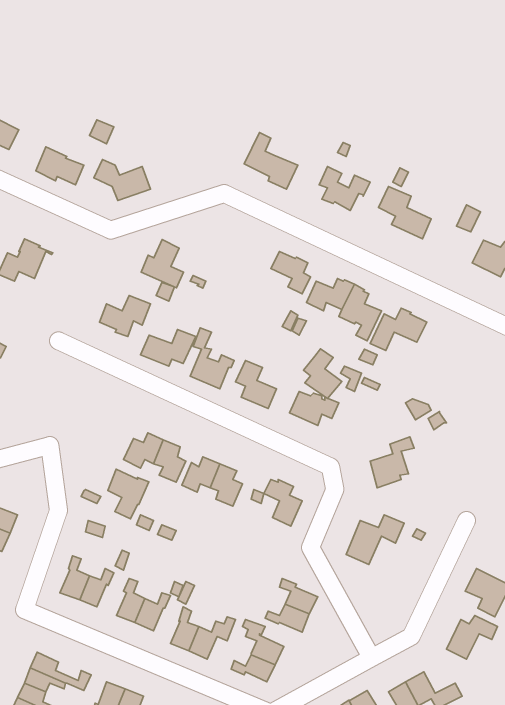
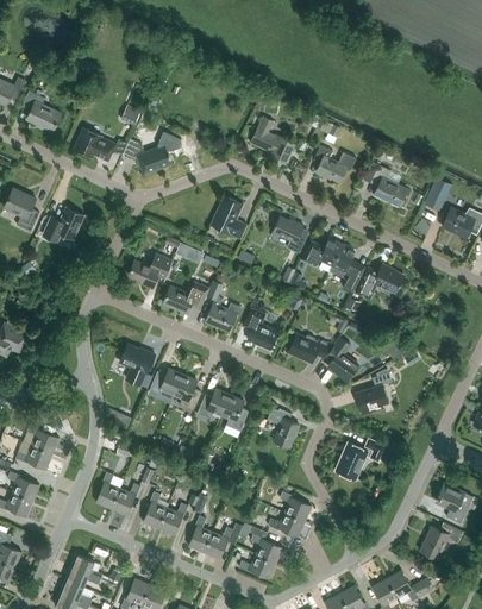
building: [141,240,184,288] -> [211,197,246,238]
building: [304,349,342,398] -> [326,338,358,379]
building: [108,469,149,519] -> [120,344,155,385]

